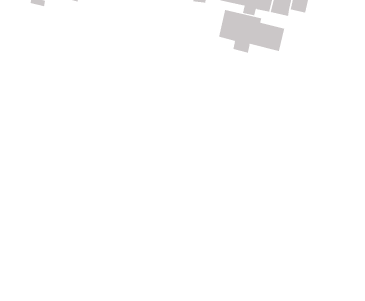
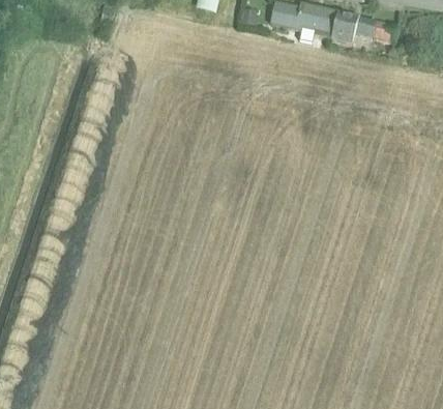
building: [218,9,285,54] -> none

